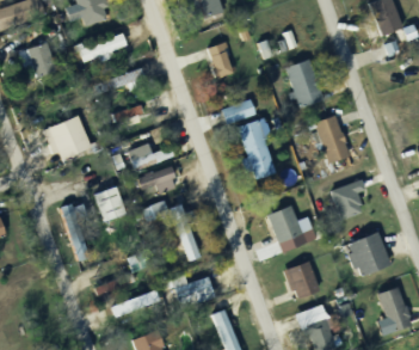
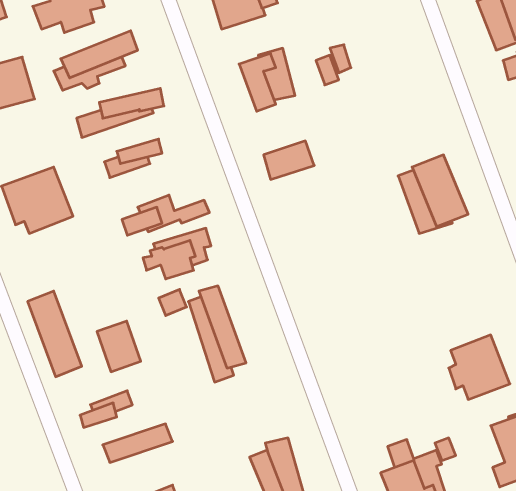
building: [285,61,324,108] -> none
building: [236,119,277,180] -> none
building: [328,178,366,221] -> none
building: [94,188,124,222] -> [97,321,141,372]
building: [267,204,302,242] -> none
building: [283,260,320,299] -> none
building: [174,277,215,305] -> none

